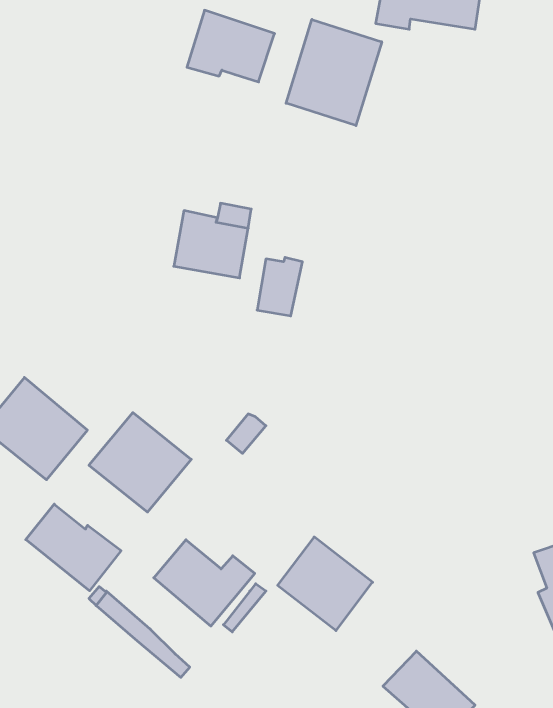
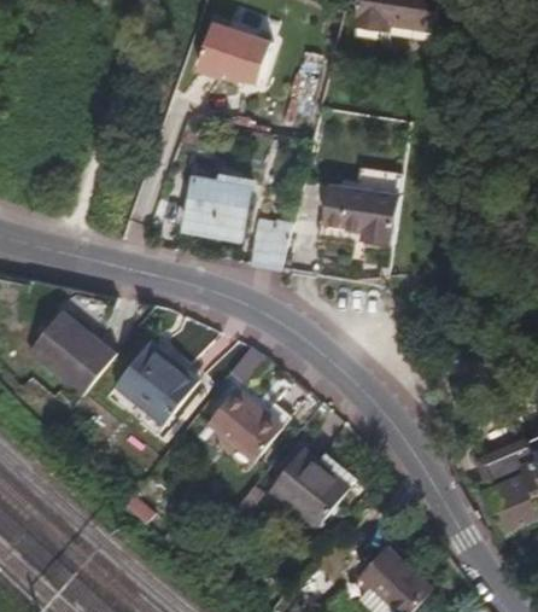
building: [286,19,382,126] -> none
building: none -> [326,165,404,243]
building: [26,504,121,591] -> none
building: [154,540,255,626] -> [206,389,290,460]

